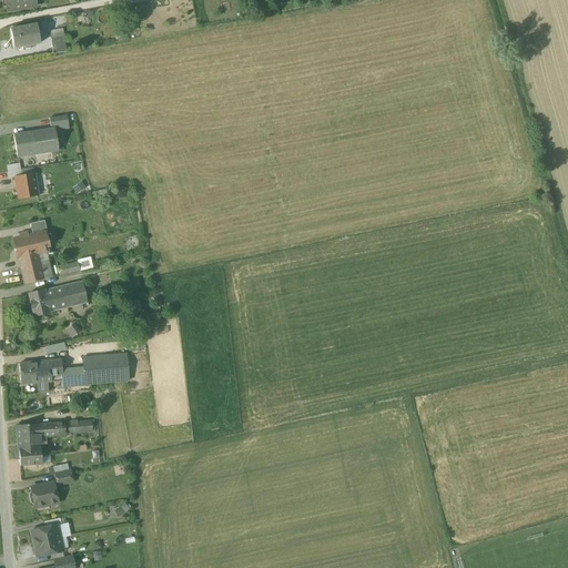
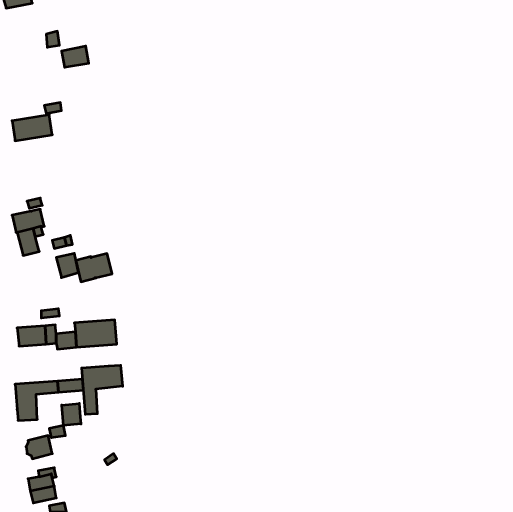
building: [11,22,41,45] -> [62,46,89,67]
building: [16,172,39,196] -> none
building: [29,284,69,315] -> [76,254,112,282]
building: none -> [82,365,123,414]
building: none -> [62,403,81,425]

